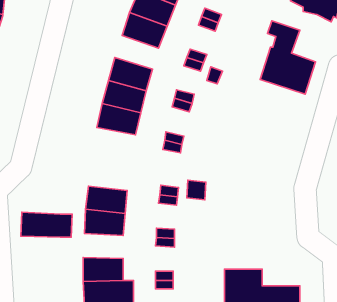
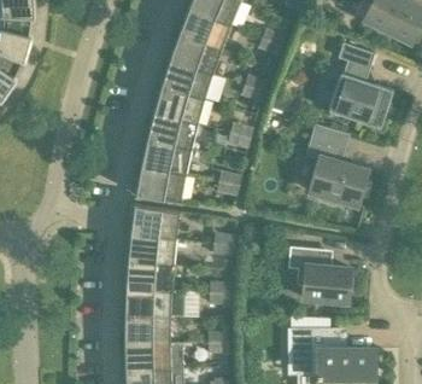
building: none -> [160,60,211,99]
building: none -> [306,126,369,206]
building: none -> [135,167,184,202]
building: none -> [130,205,178,239]
building: none -> [287,248,352,303]
building: [21,212,72,237] -> [124,289,183,318]

